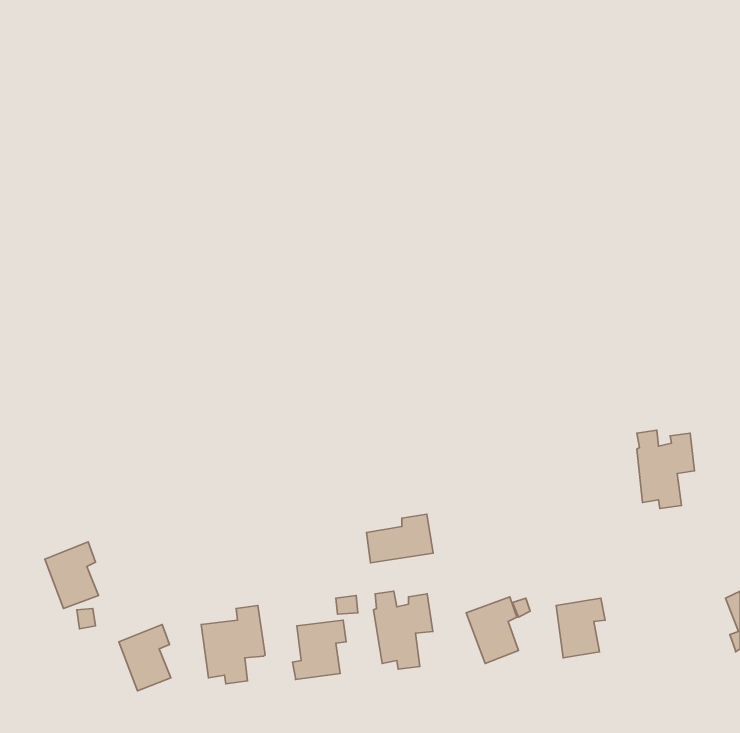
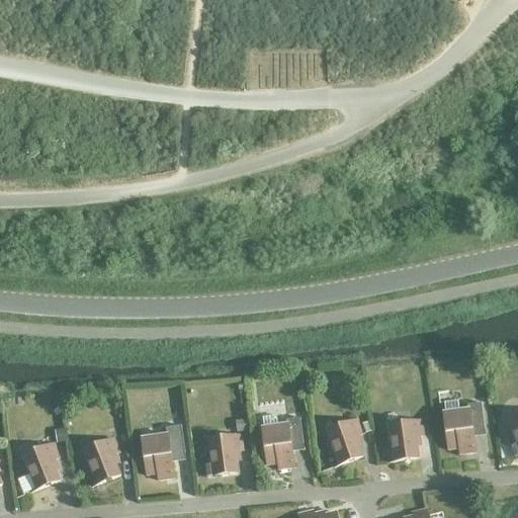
building: [637,430,695,508] -> [443,398,484,452]
building: [367,514,433,563] -> none
building: [45,542,98,609] -> [22,441,60,488]

